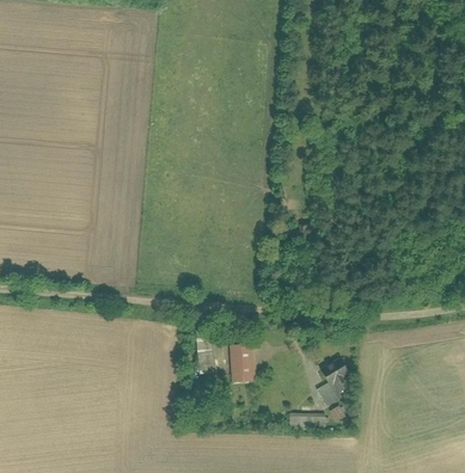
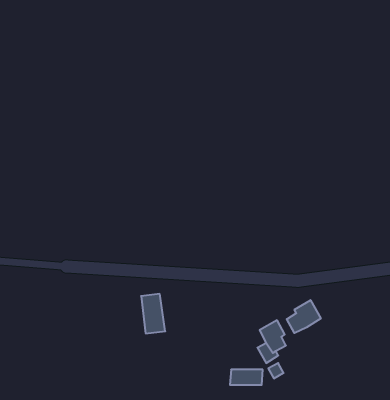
building: none -> [287,300,321,333]
building: [230,346,255,386] -> none

